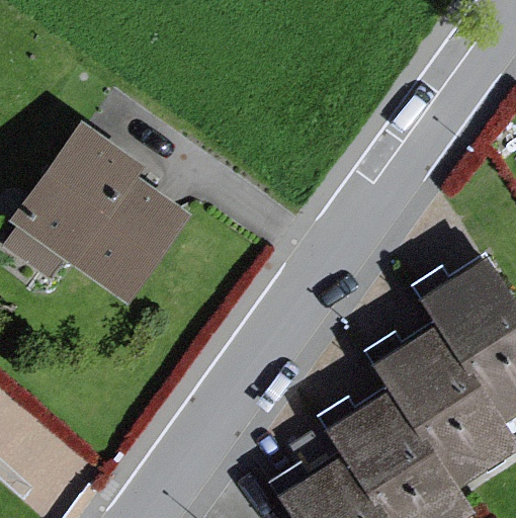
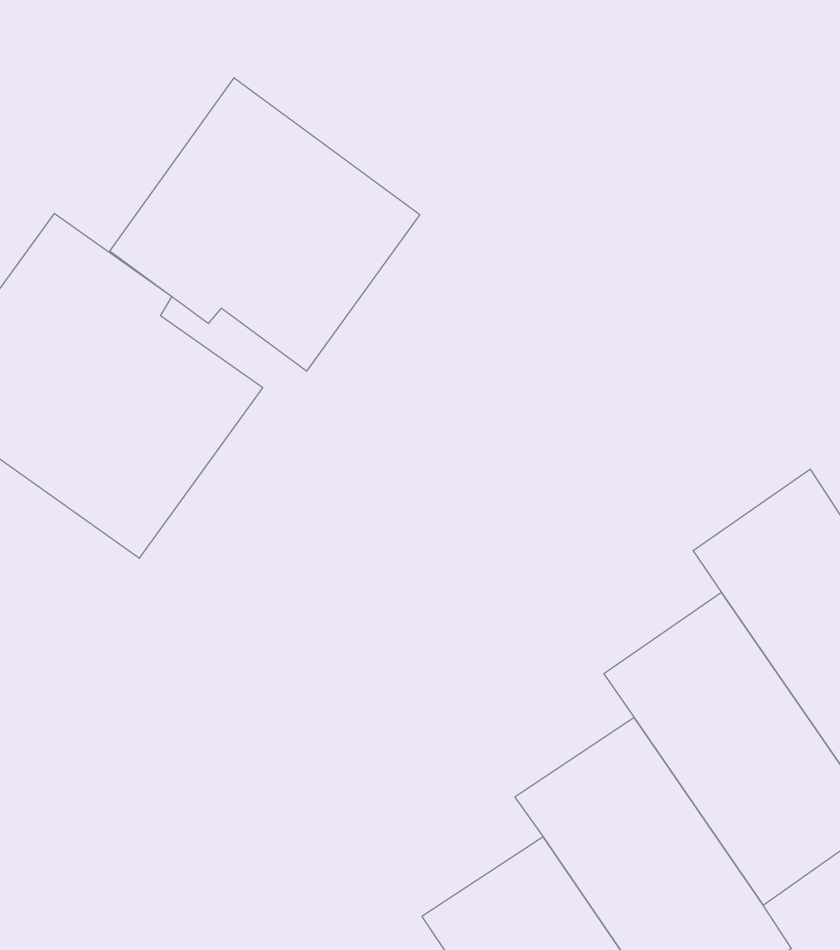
building: none -> [110,78,420,371]

